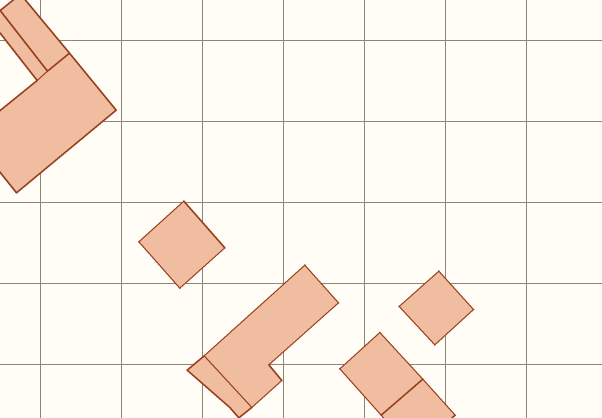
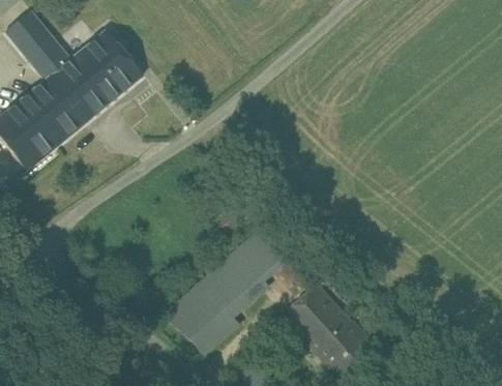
building: none -> [68,30,141,105]
building: [139,201,225,288] -> none
building: [399,271,473,345] -> none

